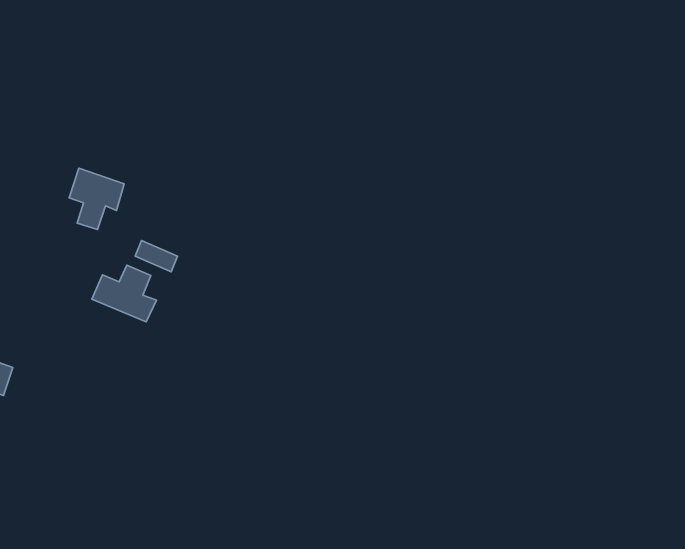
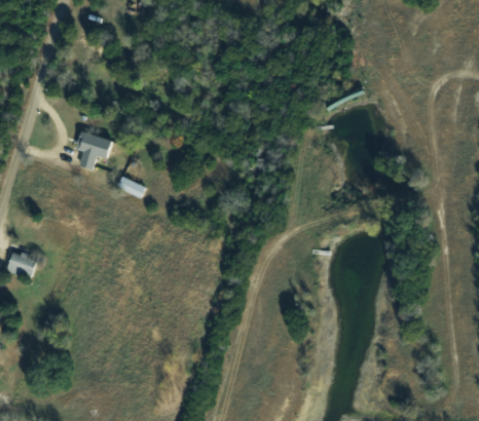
building: [92,265,156,322] -> none

